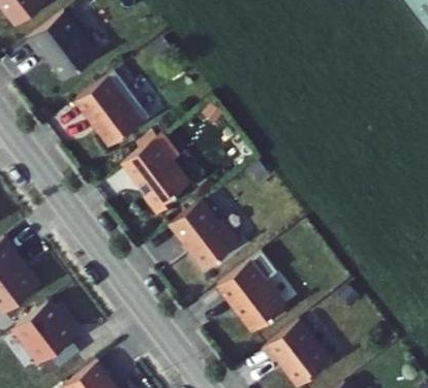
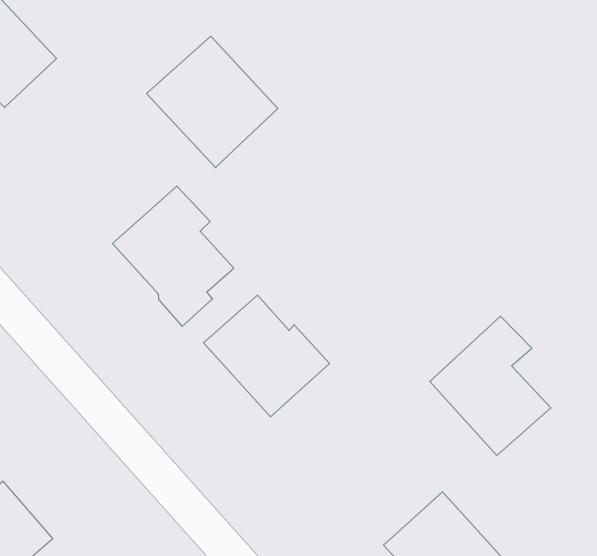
building: [74,74,149,150] -> [147,36,278,168]
building: [217,255,285,334] -> [430,316,551,455]

